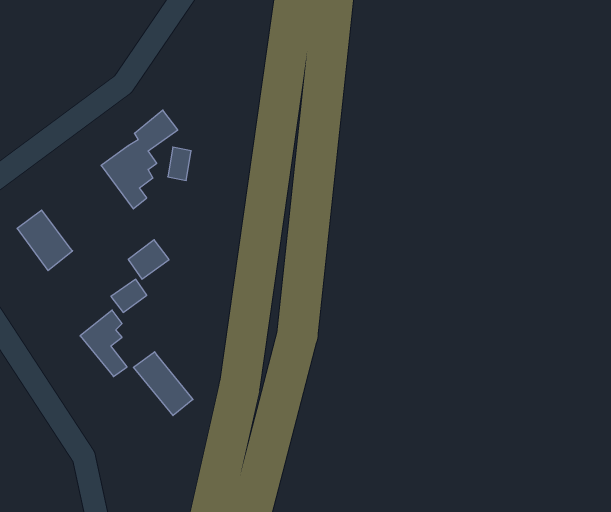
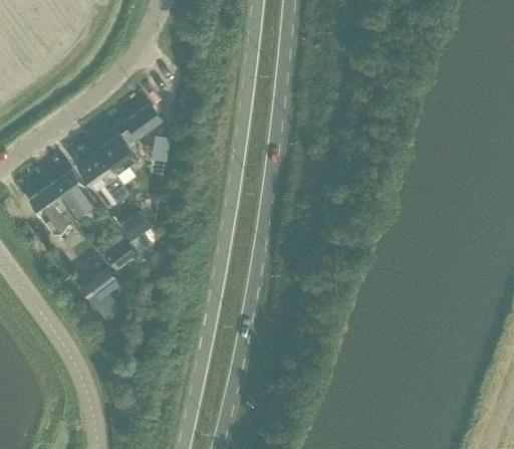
building: none -> [77,150,132,205]
building: none -> [50,170,93,217]
building: [133,352,193,416] -> none

